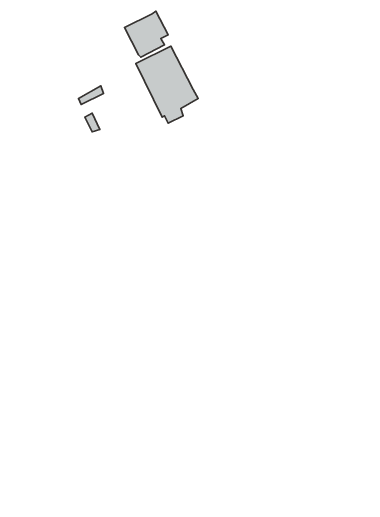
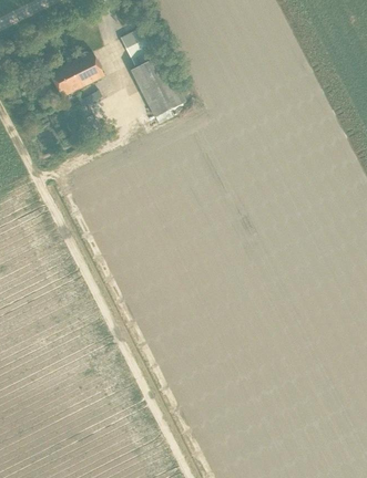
building: none -> [50,52,103,97]

